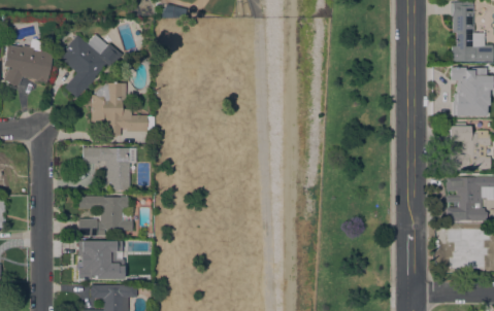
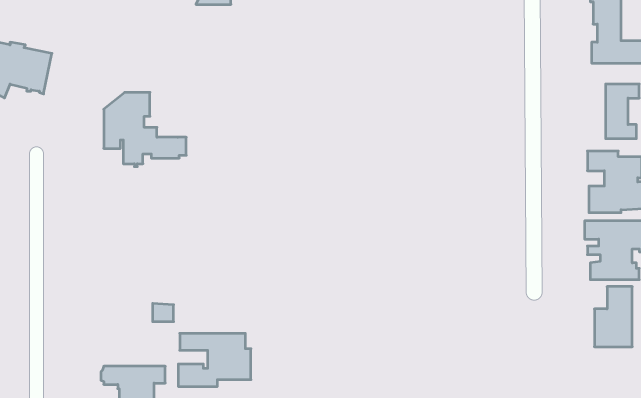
building: [59,34,122,98] -> none
building: [83,147,136,191] -> none
building: [78,196,132,235] -> [178,333,251,386]
building: [80,245,118,280] -> none

